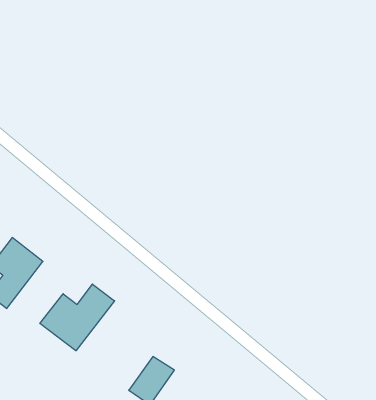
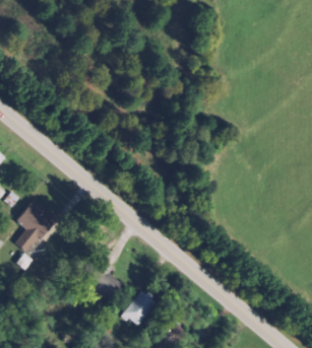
building: [40,284,115,351] -> none

